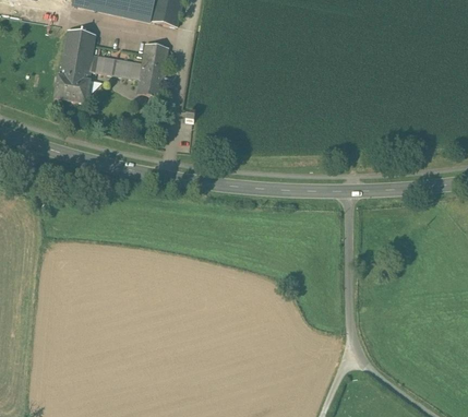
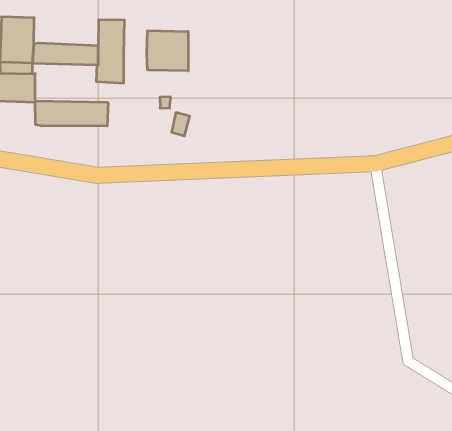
building: none -> [147,31,188,71]
building: none -> [35,101,108,126]

